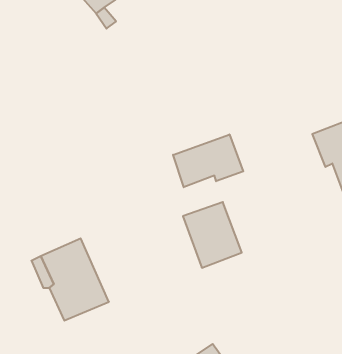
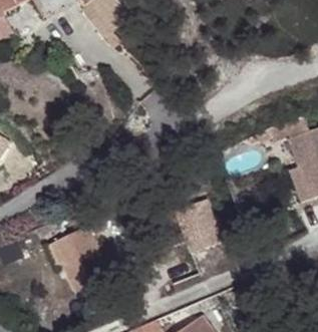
building: [173,134,243,187] -> none

